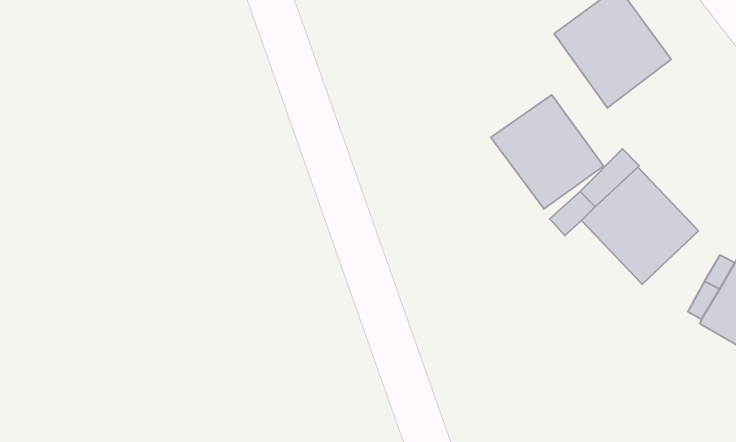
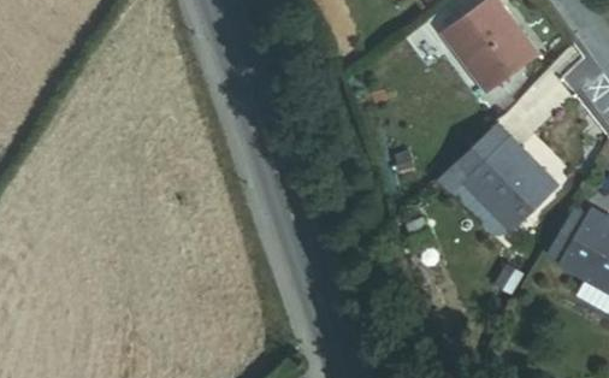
building: [491,95,603,209] -> none

